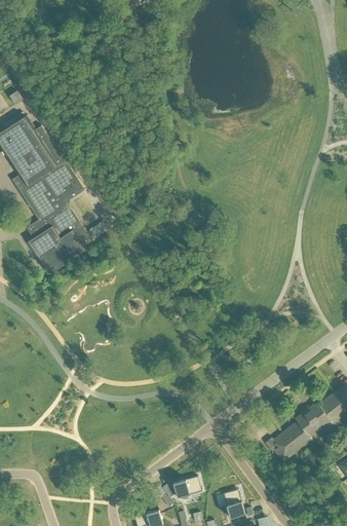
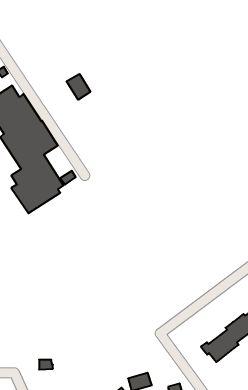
building: none -> [67,74,90,100]

